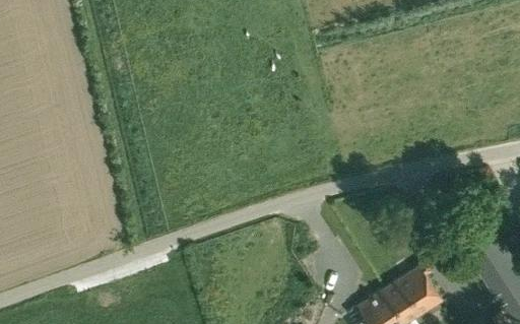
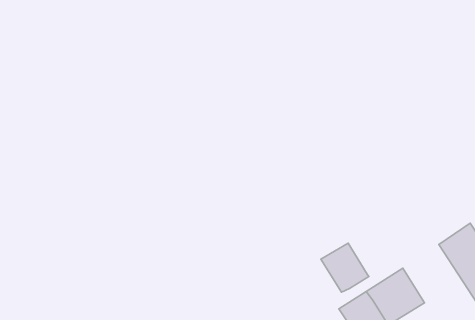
building: none -> [321,243,369,292]

